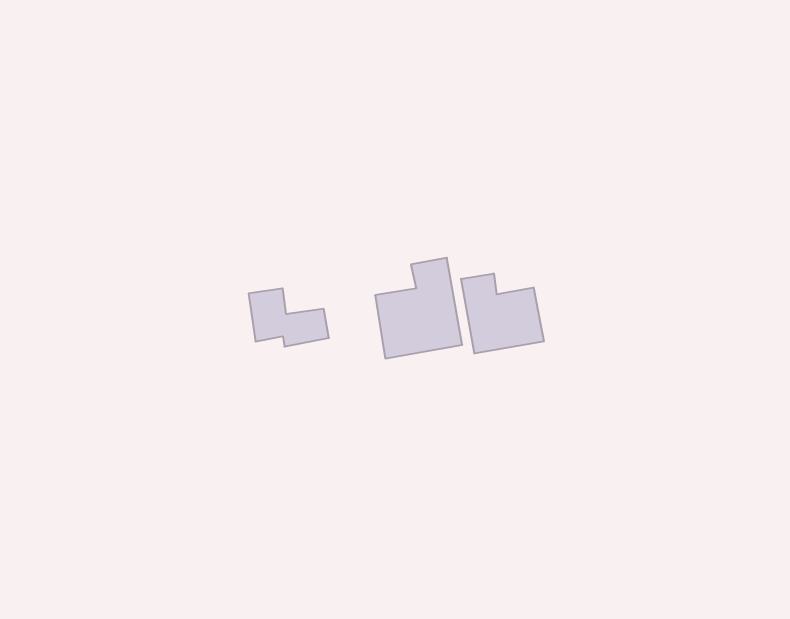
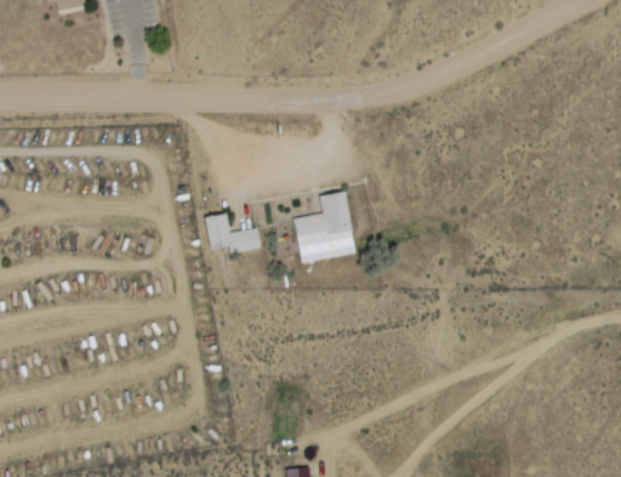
building: [461,273,544,354] -> none

